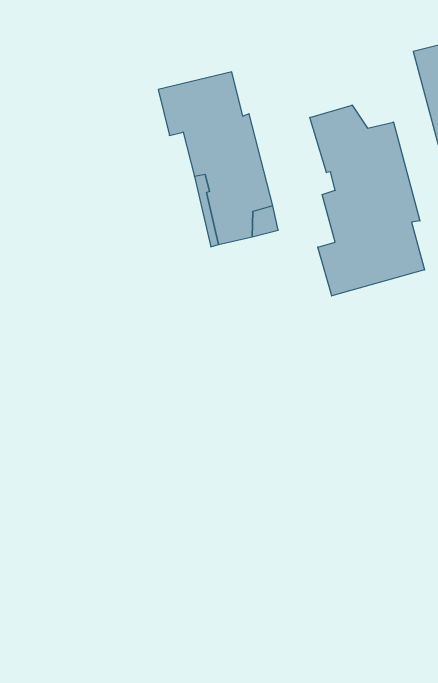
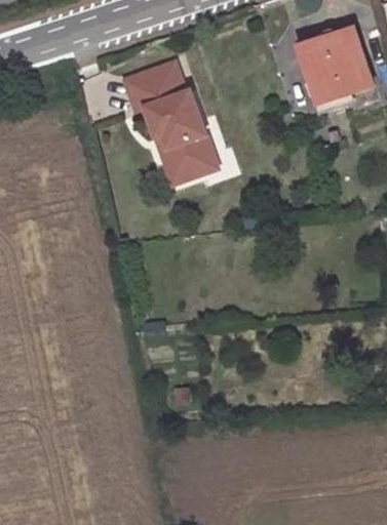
building: [310,105,425,296] -> none

